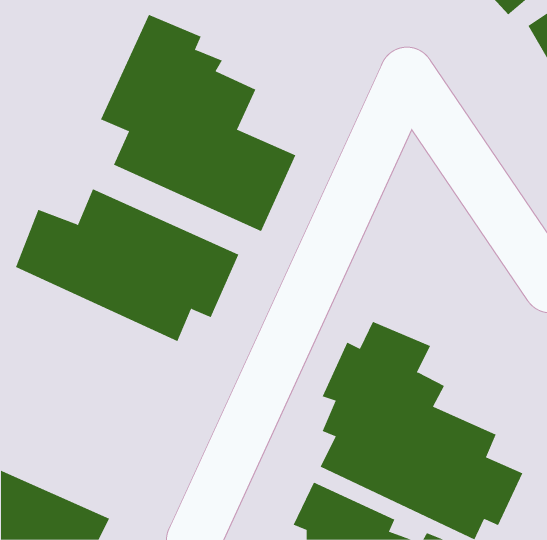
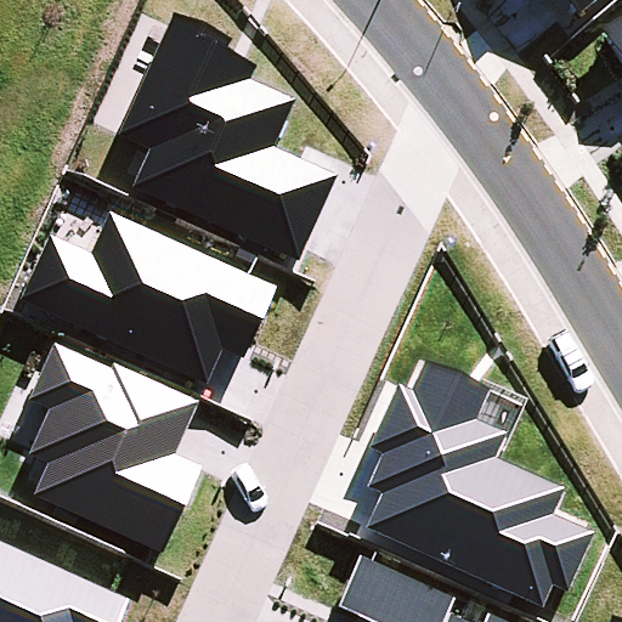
building: none -> [28,344,200,552]

